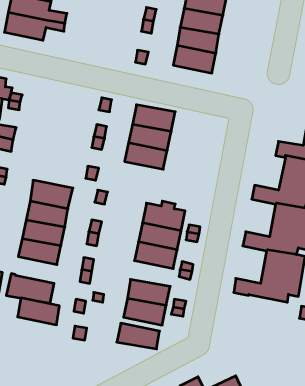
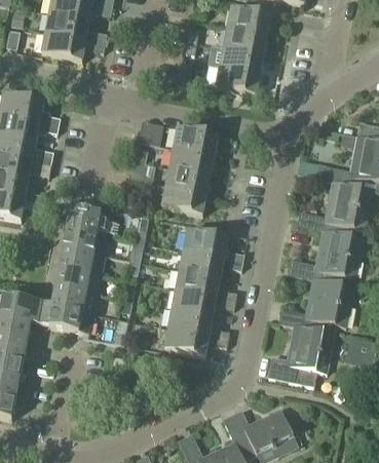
building: none -> [156,184,205,215]
building: none -> [267,323,334,385]
building: [18,298,59,325] -> [52,284,96,312]
building: [117,323,160,349] -> [172,288,216,315]

